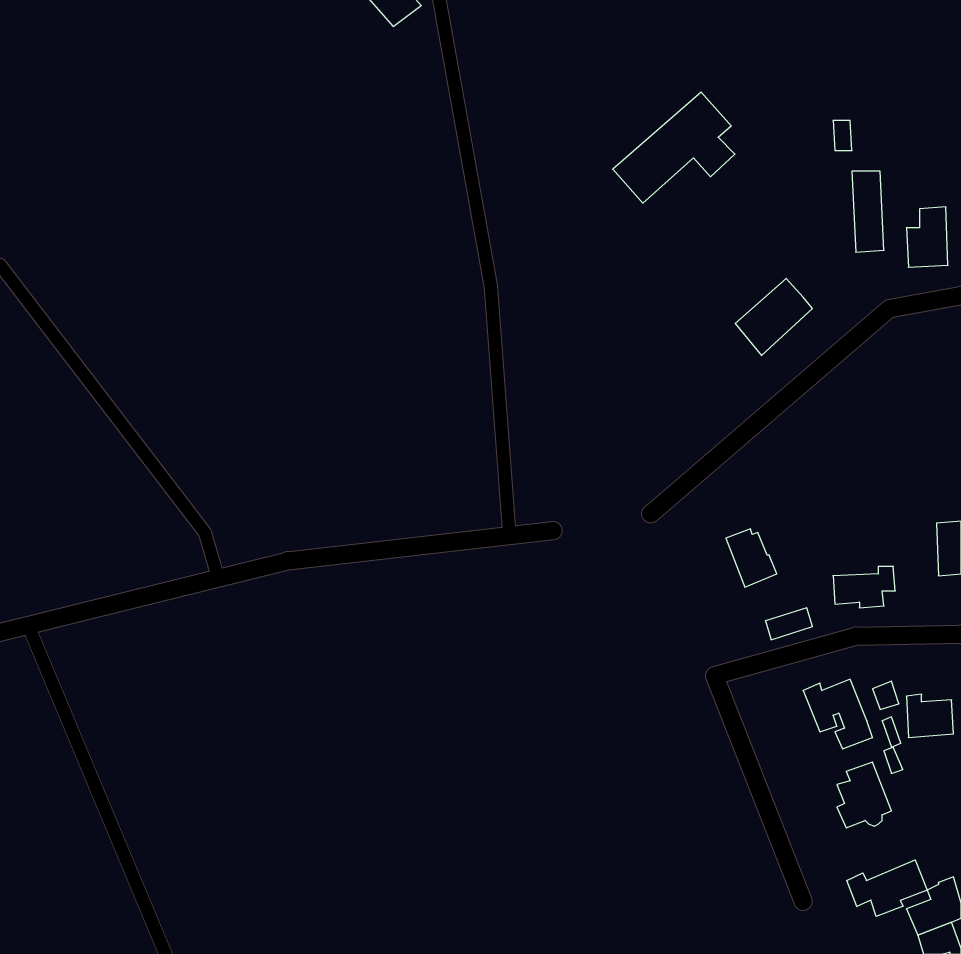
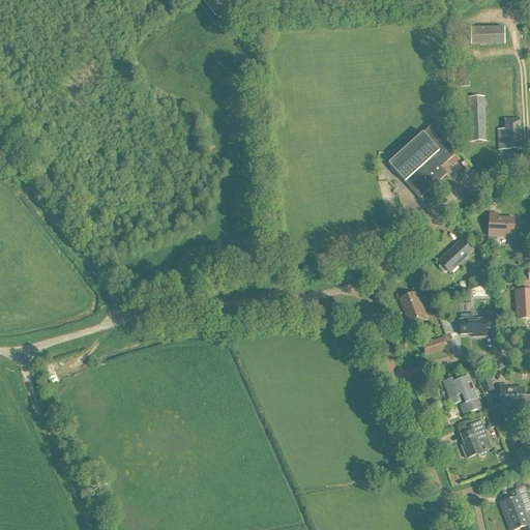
building: none -> [471,25,504,42]
building: [613,92,735,203] -> [388,117,455,178]
building: none -> [489,210,514,234]
building: none -> [439,237,473,270]
building: [847,860,927,916] -> none

